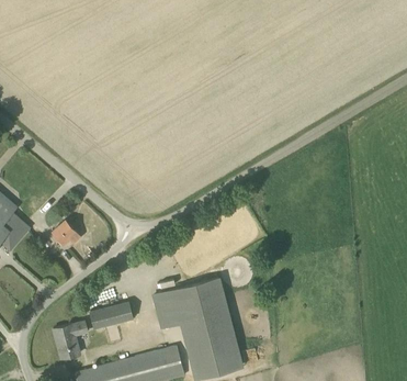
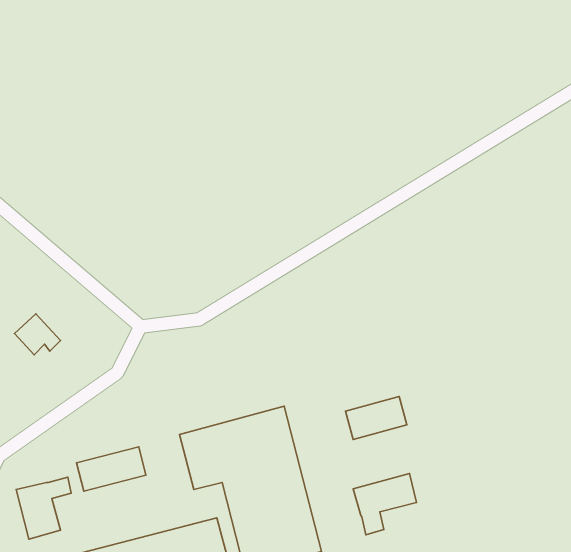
building: none -> [345,397,407,440]
building: none -> [353,474,416,535]

